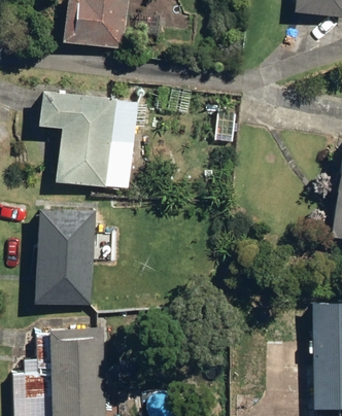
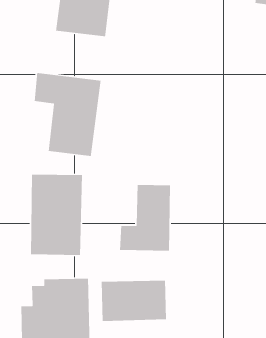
building: none -> [119,184,171,251]
building: none -> [101,280,167,322]

